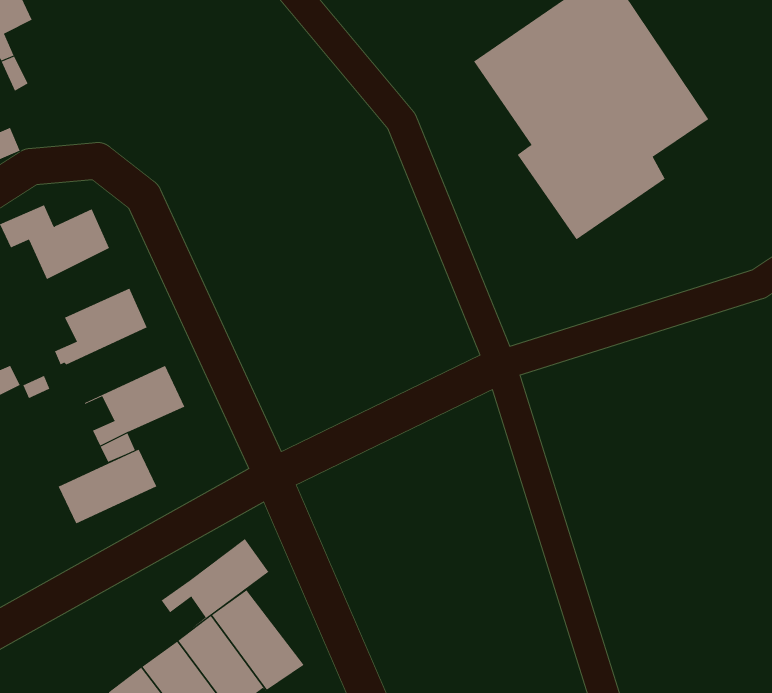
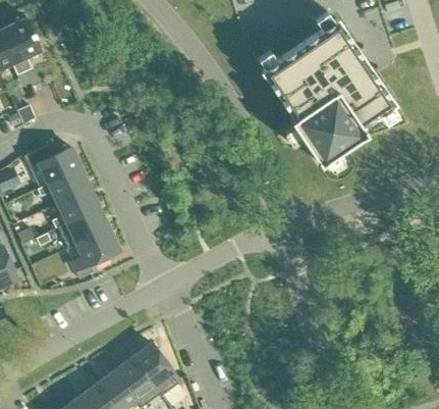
building: none -> [37,167,91,203]
building: [58,449,157,524] -> [58,208,109,247]
building: [161,538,269,631] -> none

